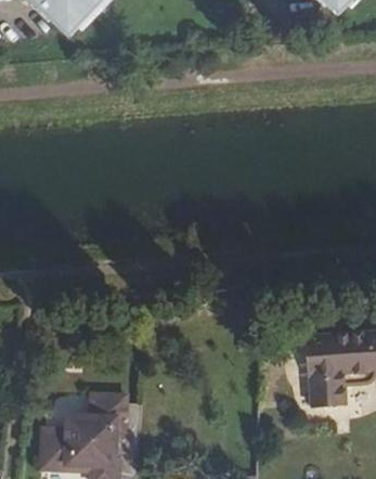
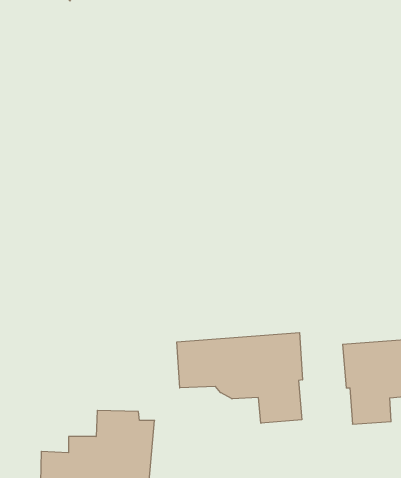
building: none -> [177,333,302,423]

